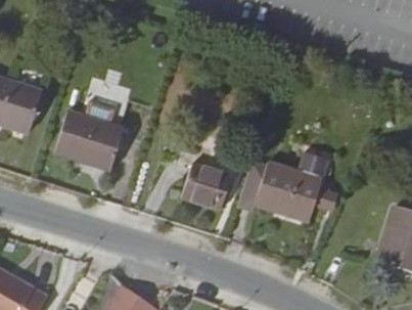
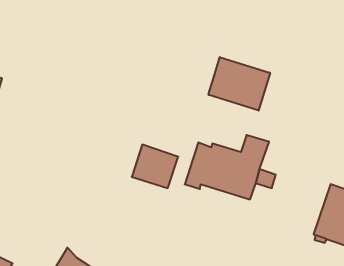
building: none -> [209,57,270,111]
building: [55,112,125,171] -> none

